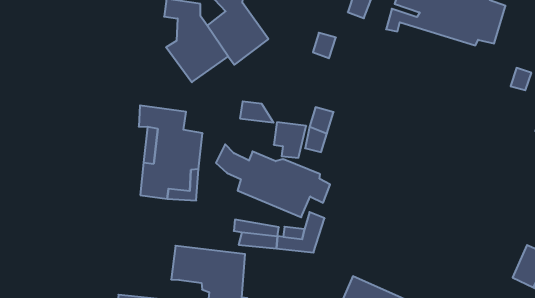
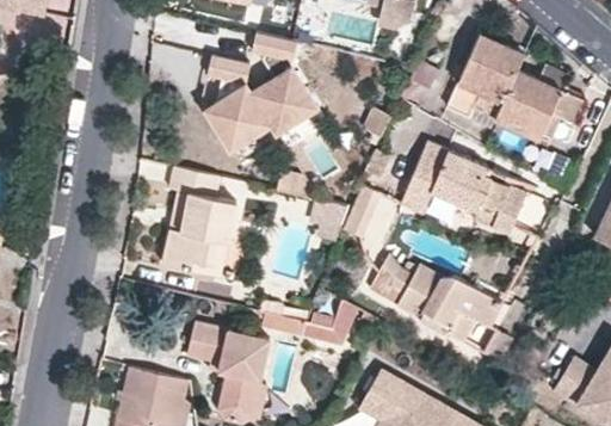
building: none -> [402,143,527,234]
building: [216,144,330,217] -> [378,255,499,342]

